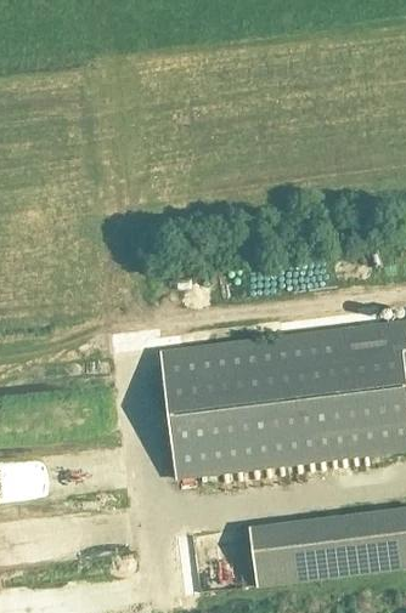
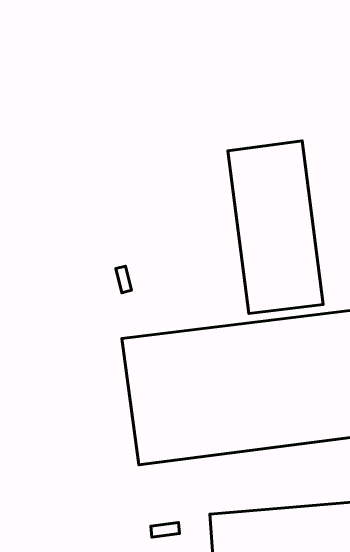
building: none -> [228,141,323,314]

